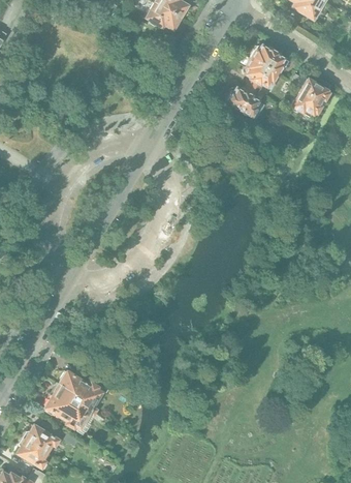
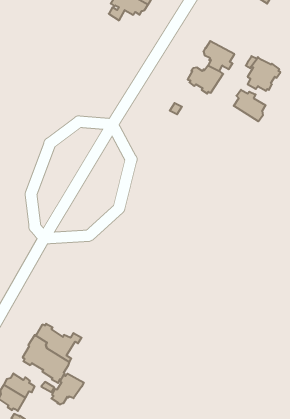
building: [252,44,290,72] -> none
building: none -> [234,90,266,121]
building: none -> [51,374,84,405]

